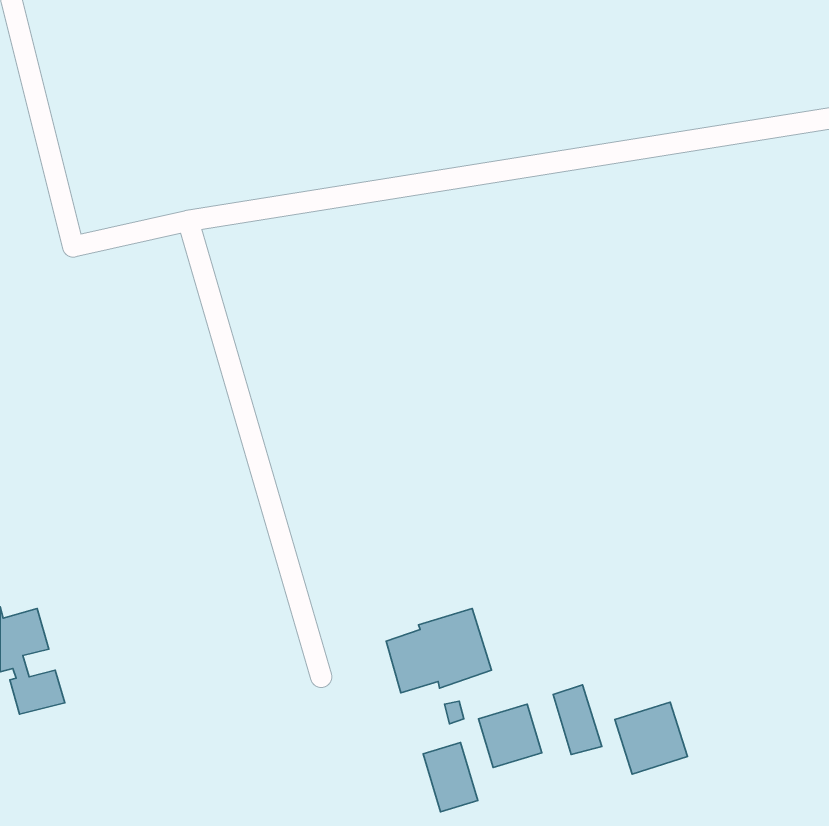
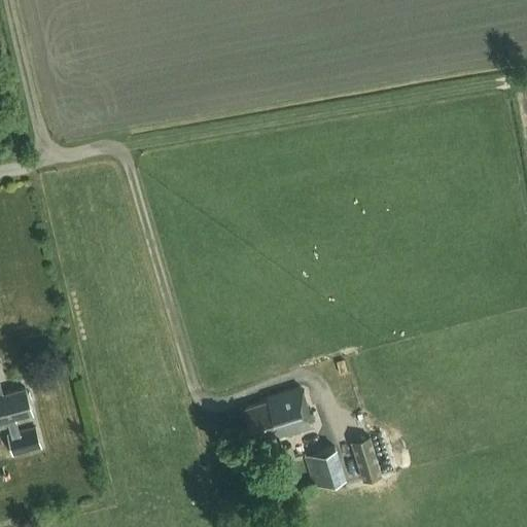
building: [615,702,687,774] -> none
building: [423,743,478,812] -> none

